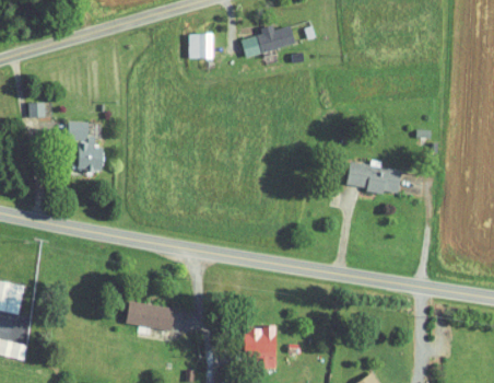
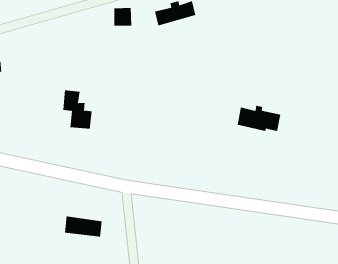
building: [67,120,105,171] -> [63,90,92,129]
building: [246,328,277,353] -> none

